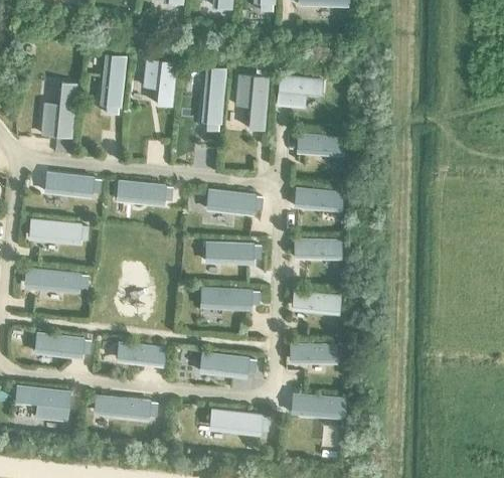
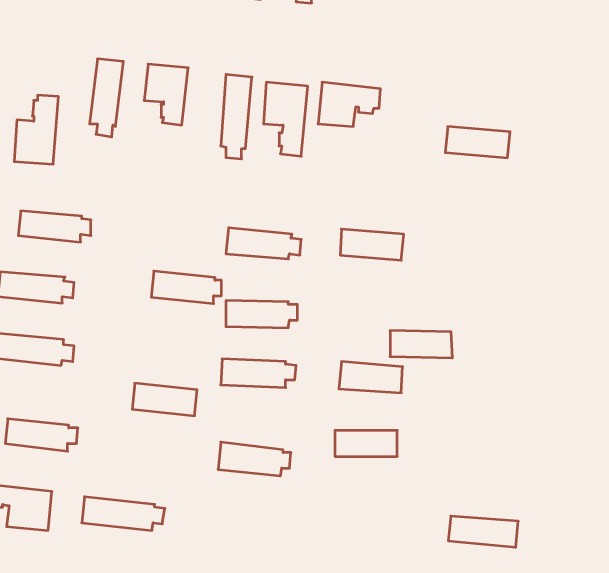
building: [298,132,348,156] -> [445,127,510,158]
building: [117,181,171,206] -> [151,271,221,304]
building: [294,238,342,260] -> [390,331,452,358]
building: [116,342,166,367] -> [132,383,197,416]
building: [291,393,345,418] -> [448,516,518,547]
building: [209,410,270,436] -> none

